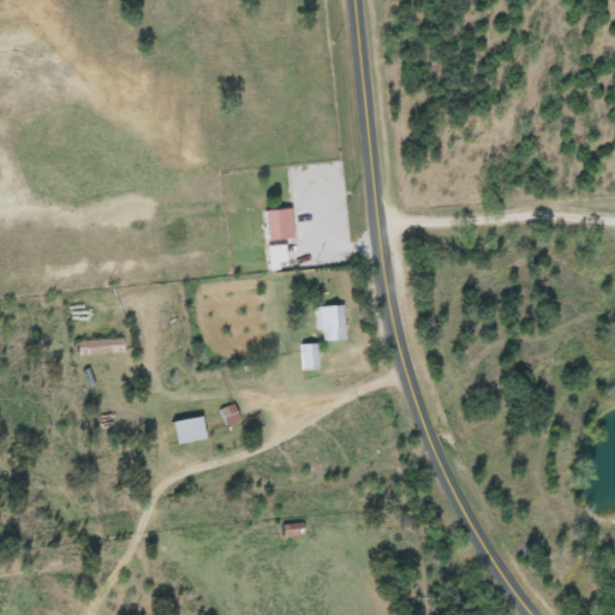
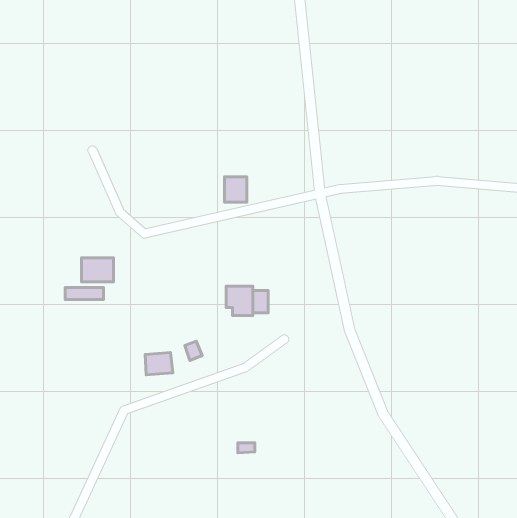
building: none -> [82,258,114,282]
building: [316,306,347,341] -> [226,286,253,316]

